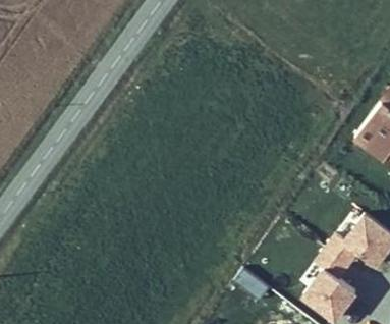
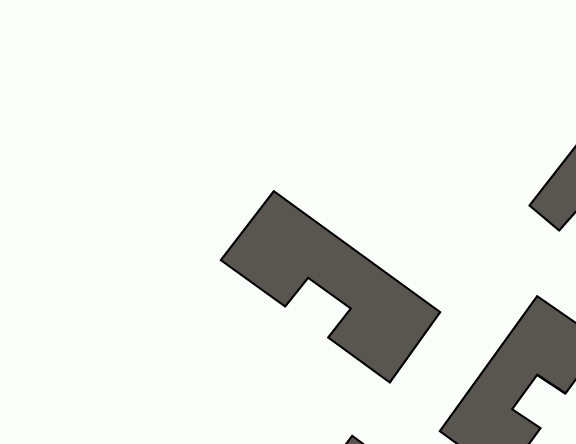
building: none -> [221,191,440,383]

